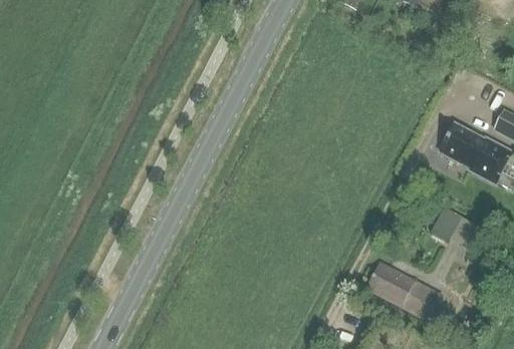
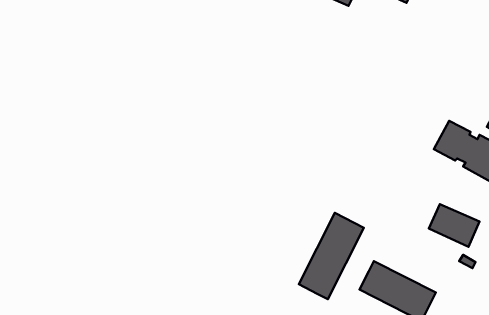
building: none -> [299,213,364,299]

